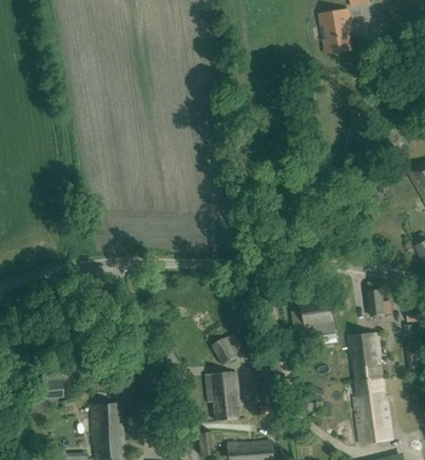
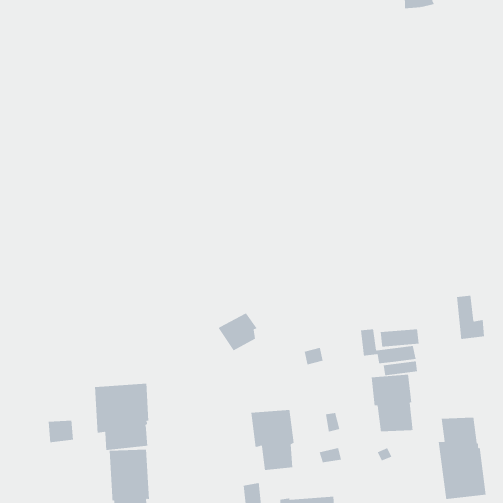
building: [209,333,240,363] -> [218,313,257,351]
building: [347,333,381,379] -> [371,374,414,432]
building: none -> [95,383,149,451]

